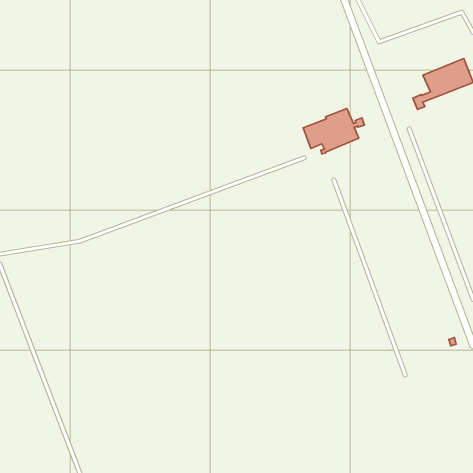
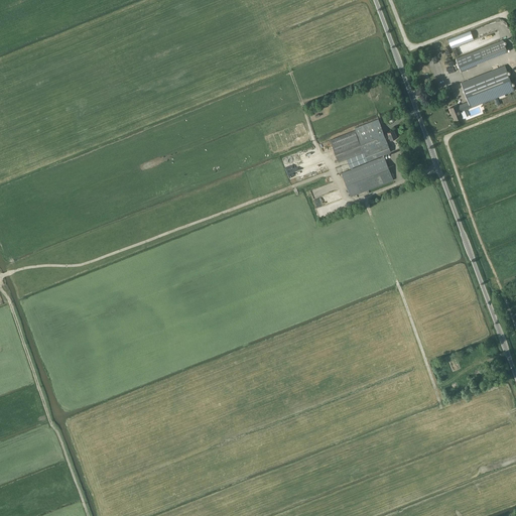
building: none -> [455,38,507,71]
building: none -> [341,155,393,196]

